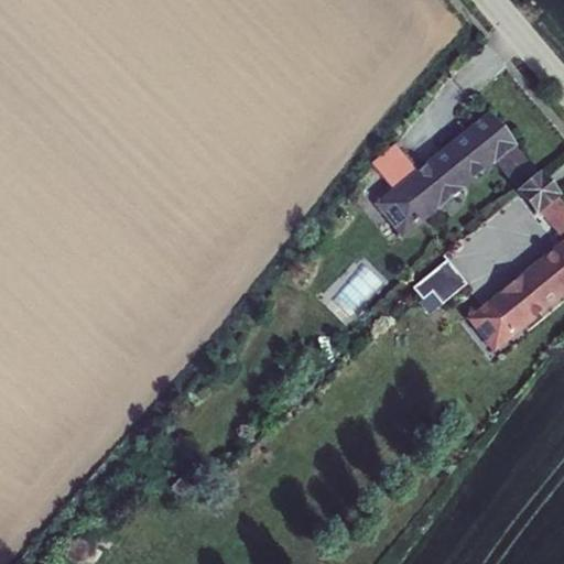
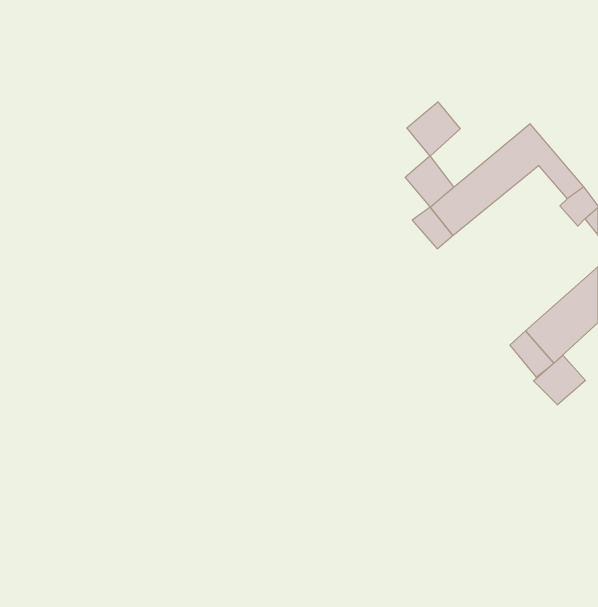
building: none -> [407,102,460,156]
building: [413,254,467,300] -> none
building: none -> [533,355,585,405]

